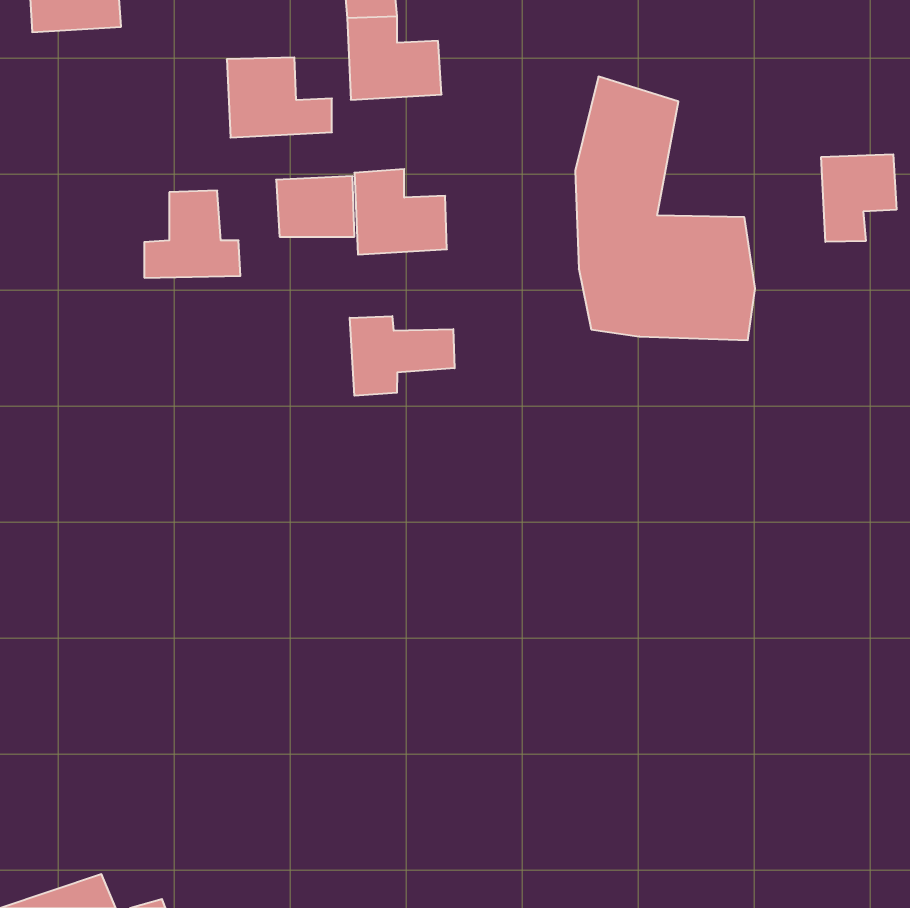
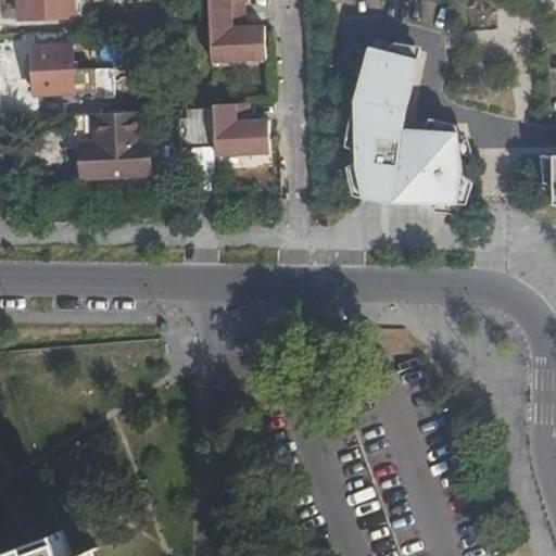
building: [227,57,332,138] -> [33,45,97,93]
building: [821,154,896,242] -> none
building: [350,316,455,396] -> none

